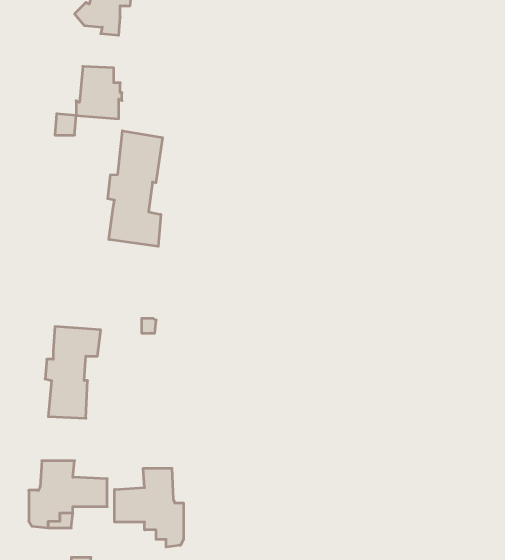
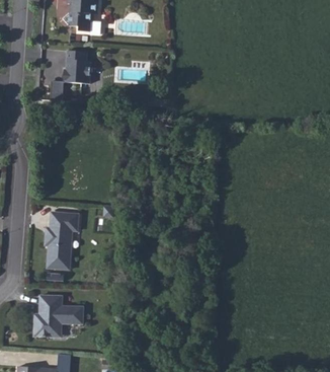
building: [108,131,163,246] -> none
building: [115,468,183,547] -> none

